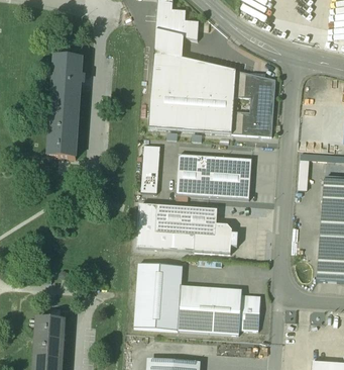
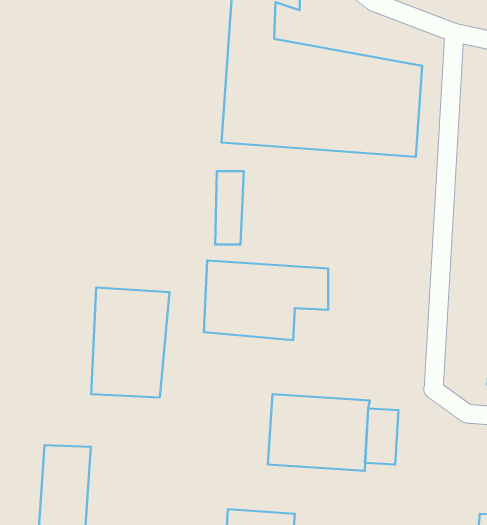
building: [46,55,83,157] -> none
building: [175,155,250,198] -> none
building: [193,220,230,253] -> none
building: [133,260,183,330] -> [91,287,169,397]

